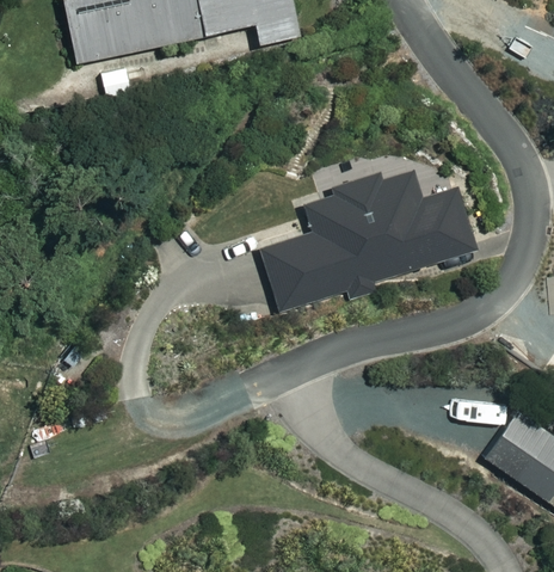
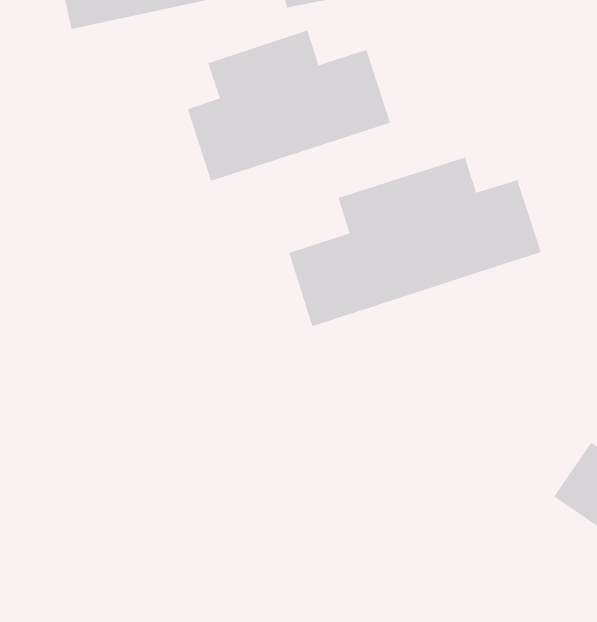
building: none -> [187,29,391,182]

